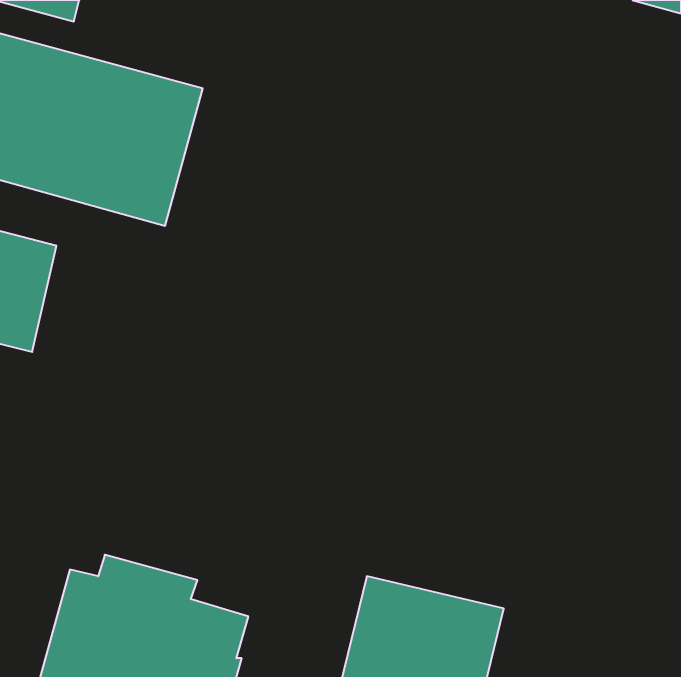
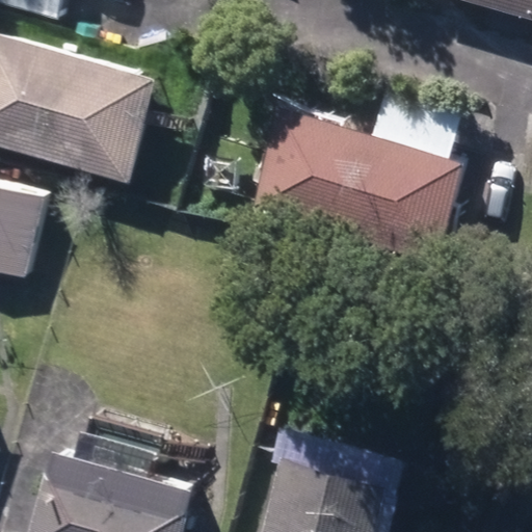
building: none -> [247,103,466,258]

